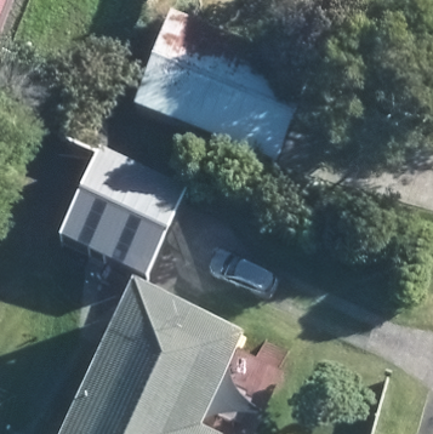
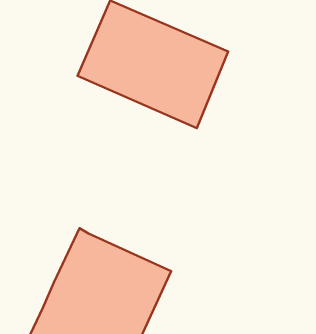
building: [55,143,184,275] -> none

